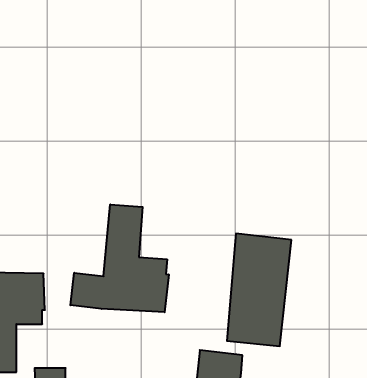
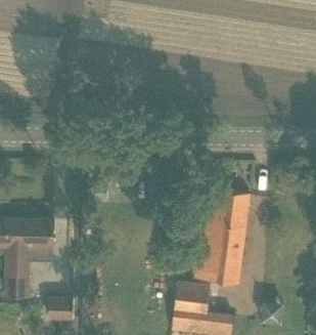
building: [70,204,169,312] -> none

